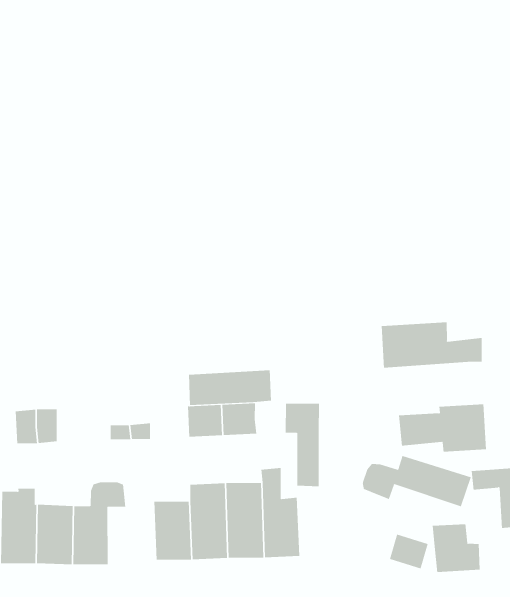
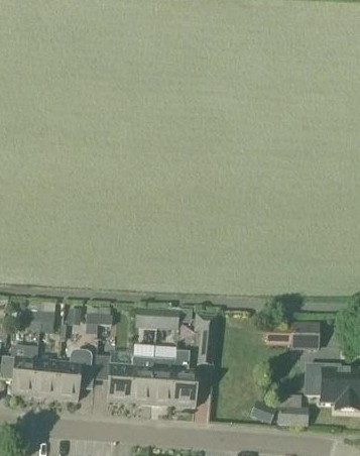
building: [381,322,482,369] -> none
building: [188,369,271,406] -> none
building: [362,455,471,507] -> none

